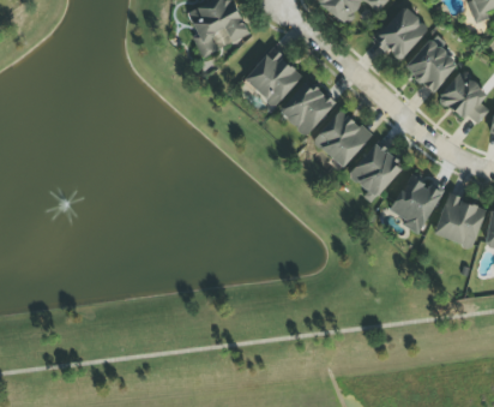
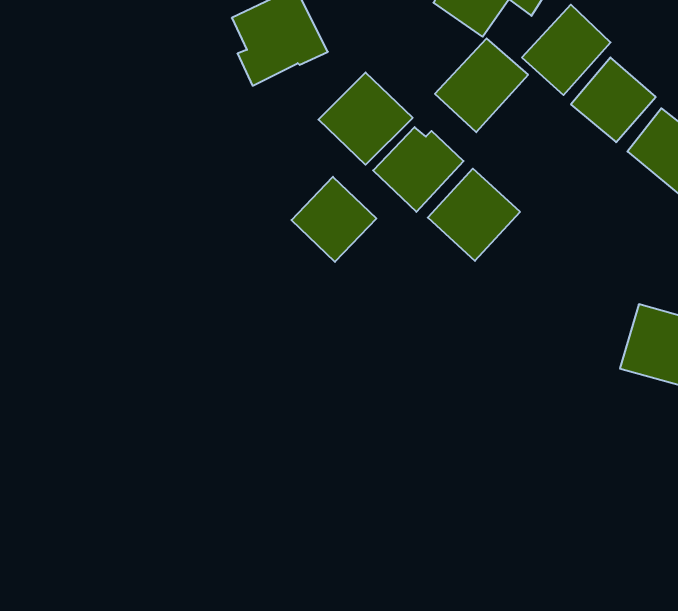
building: none -> [435,38,528,132]
building: none -> [291,177,376,262]
building: [348,142,404,200] -> none
building: [391,174,442,235] -> none

